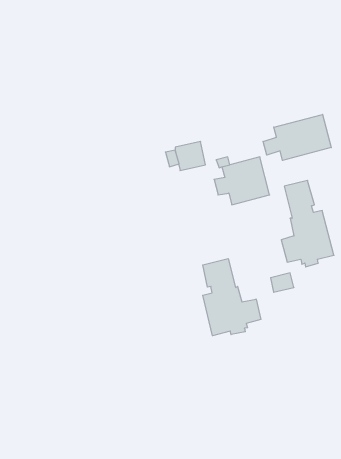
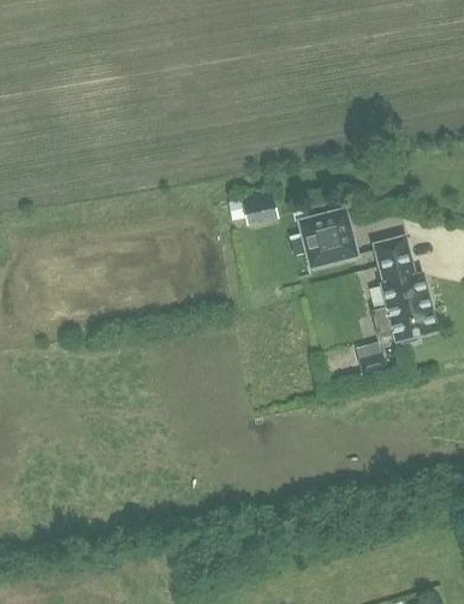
building: [263,114,331,160] -> none
building: [203,259,261,336] -> none

